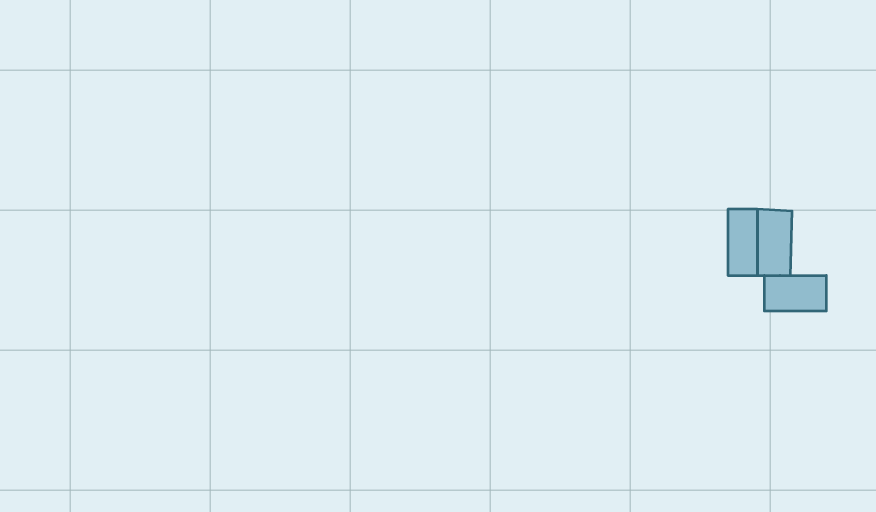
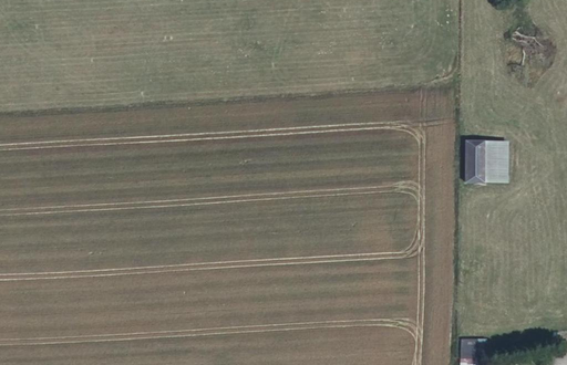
building: [764,275,826,311] -> none

